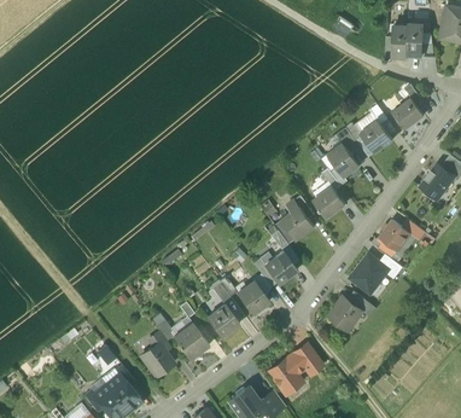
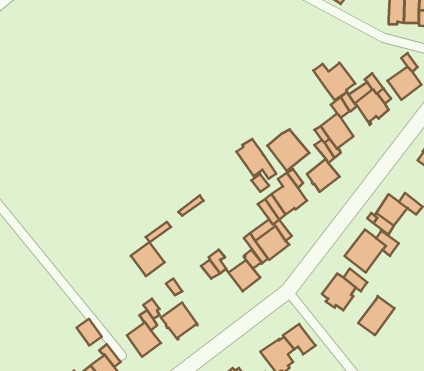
building: none -> [313,63,355,100]
building: none -> [267,129,309,171]
building: none -> [236,139,276,179]
building: [206,303,239,336] -> [131,242,165,276]
building: none -> [358,296,394,335]

